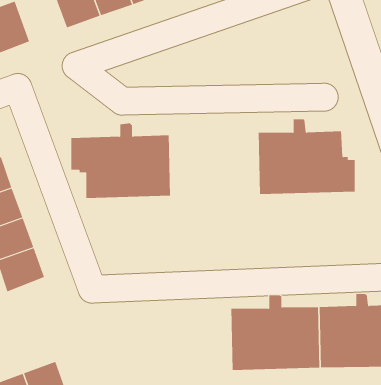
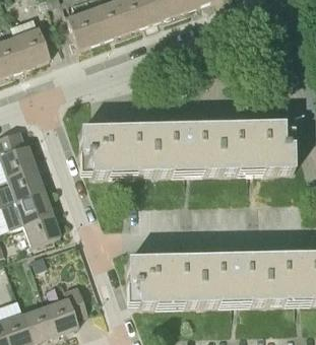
building: none -> [154,118,222,174]
building: none -> [127,250,201,305]

